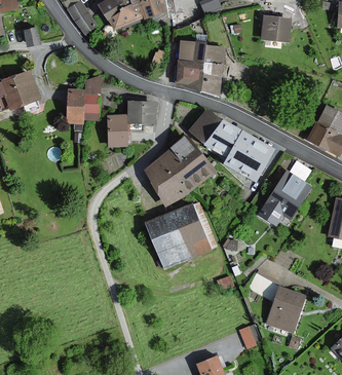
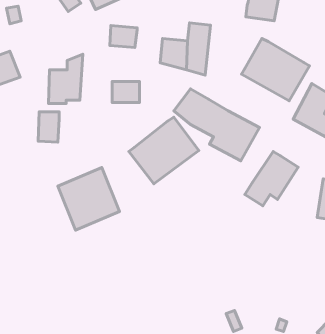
building: [178,40,204,62] -> [110,26,137,48]
building: none -> [242,38,309,101]
building: [108,115,128,145] -> [38,112,59,142]
building: [148,204,208,266] -> [58,167,119,230]
building: [250,275,305,333] -> none

